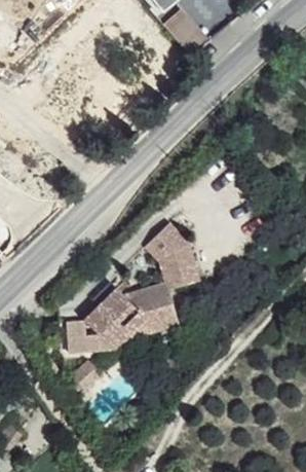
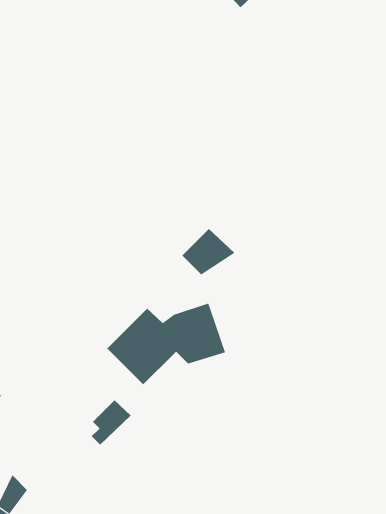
building: [159,244,197,289] -> none
building: [67,319,114,354] -> none

